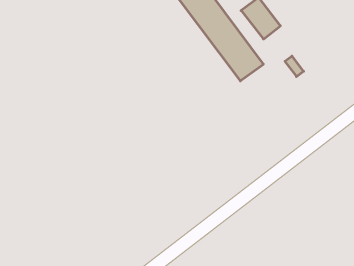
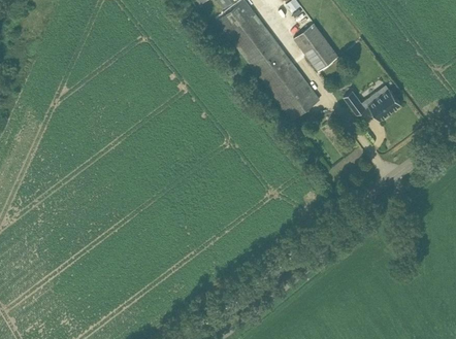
building: none -> [367,89,401,121]

